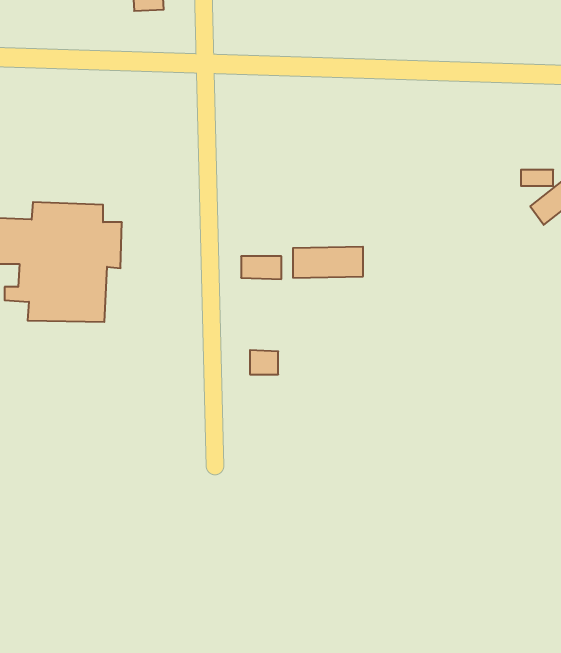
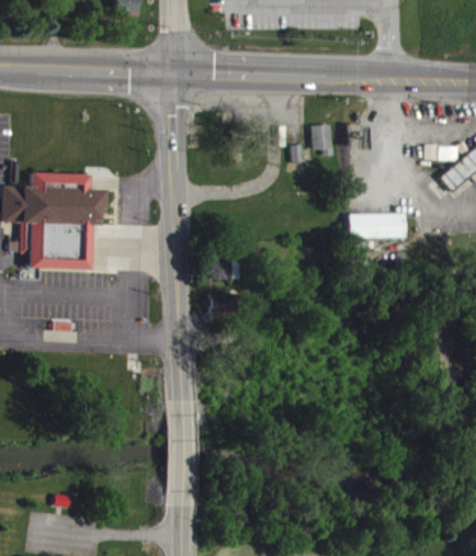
building: none -> [310,125,332,156]
building: [293,247,363,278] -> [348,213,405,238]
building: [241,256,281,279] -> [208,261,241,280]

